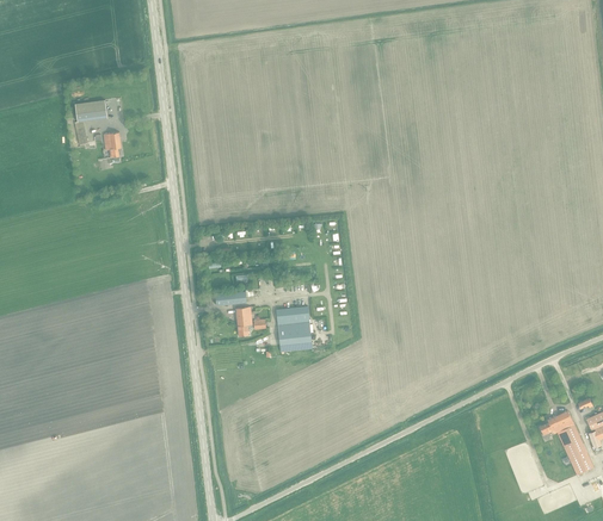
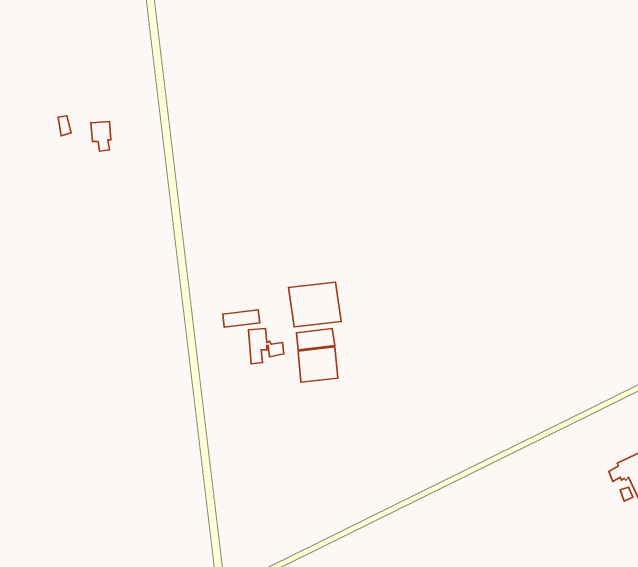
building: [75,99,107,123] -> none
building: none -> [289,282,341,327]

